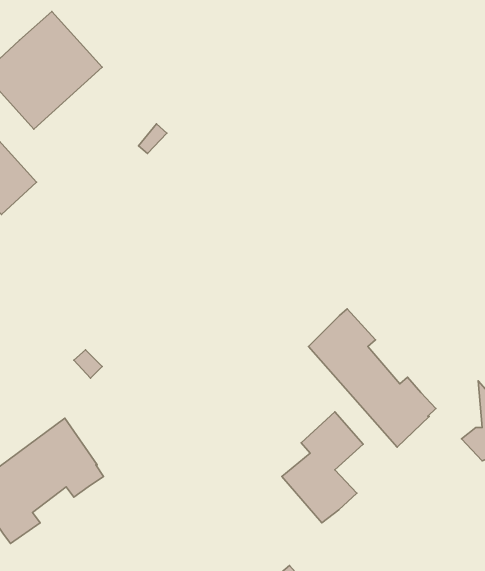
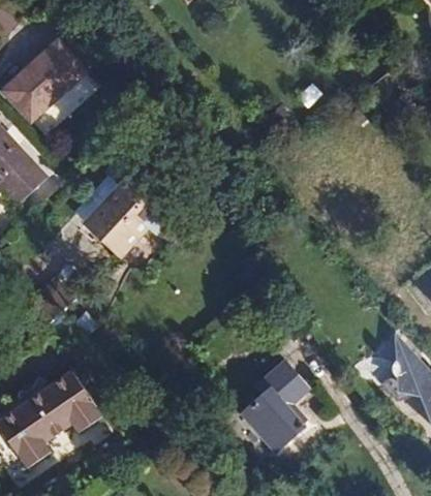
building: none -> [83,176,174,258]
building: [309,309,436,447] -> none

